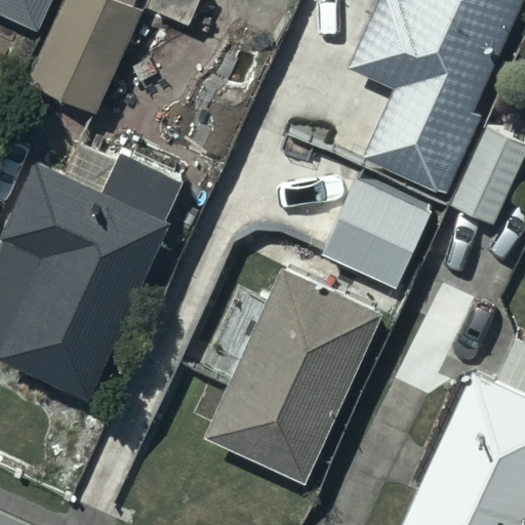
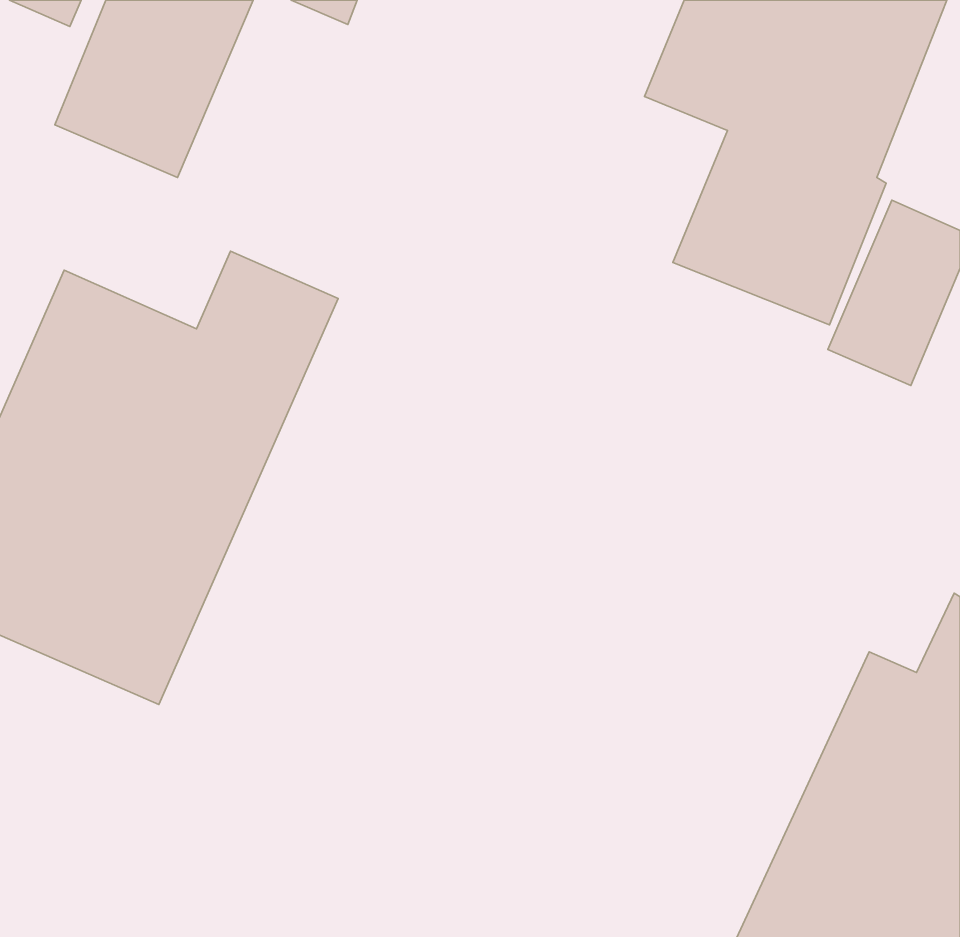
building: [323,177,431,287] -> none
building: [204,266,386,483] -> none

